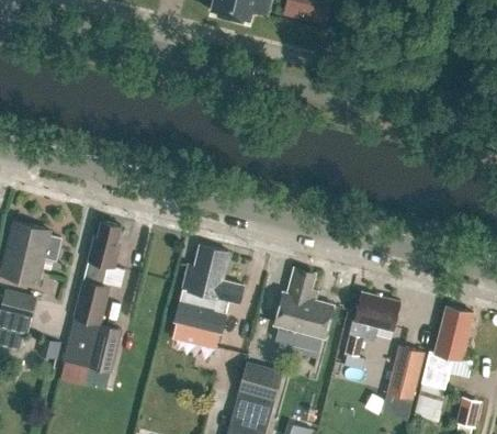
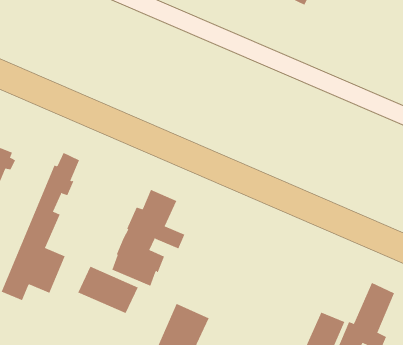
building: [275,268,332,352] -> none
building: [343,292,400,369] -> none
building: none -> [78,266,138,314]

